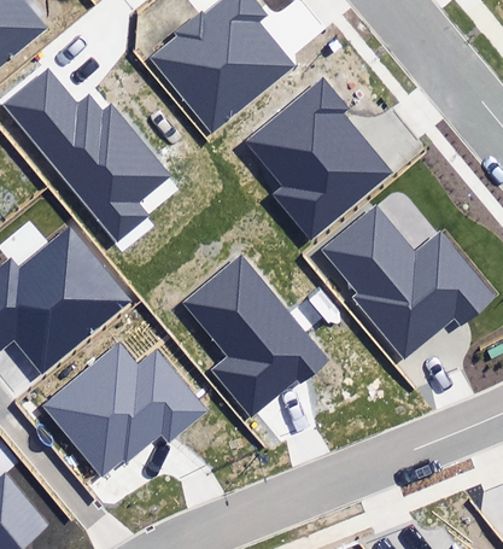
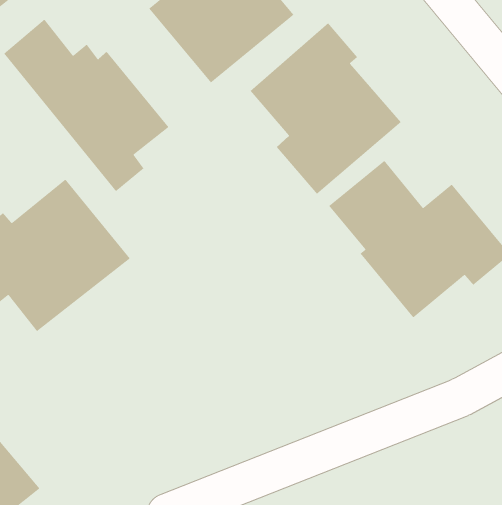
building: [185,255,328,416] -> none
building: [42,340,209,474] -> none

